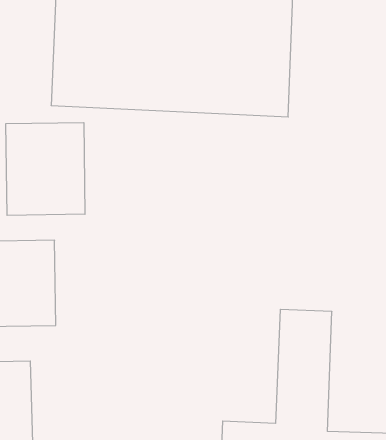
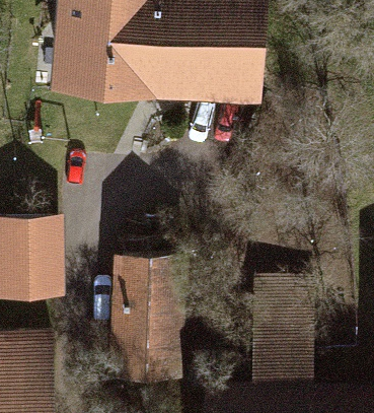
building: [6,123,85,215] -> none
building: none -> [121,267,173,371]

